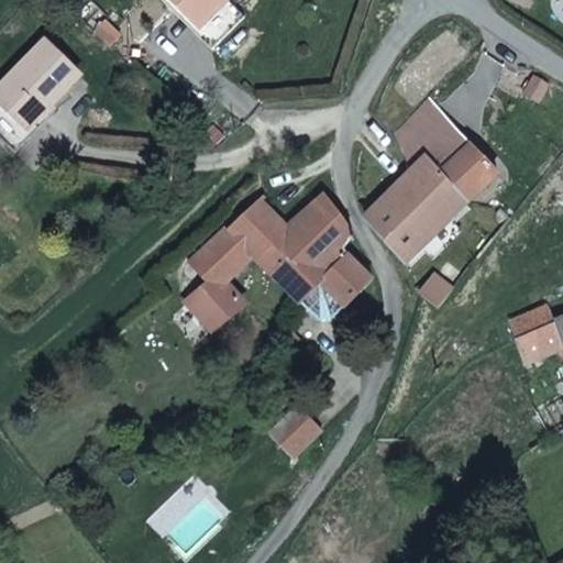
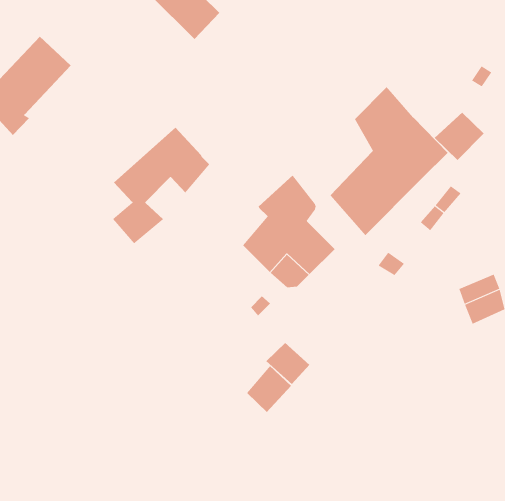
building: none -> [434,112,485,161]
building: [187,198,296,328] -> [112,127,210,244]
building: none -> [265,342,310,385]

